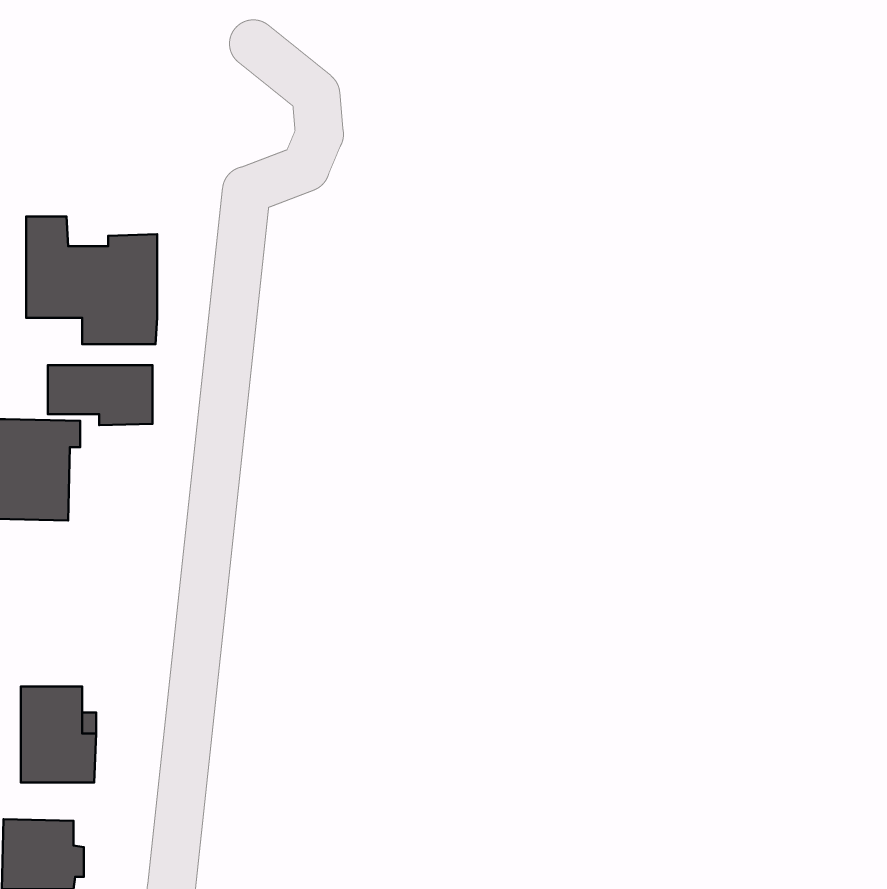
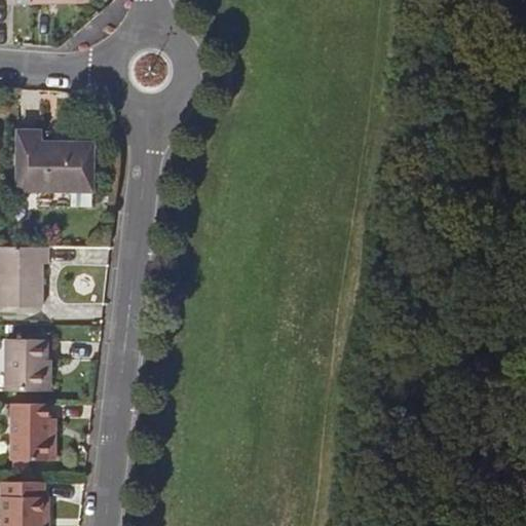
building: [48,365,152,425] -> none
building: none -> [6,340,45,391]

